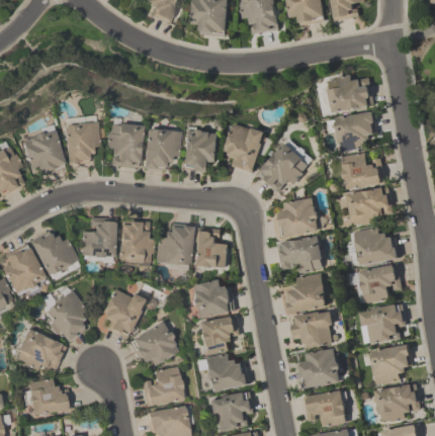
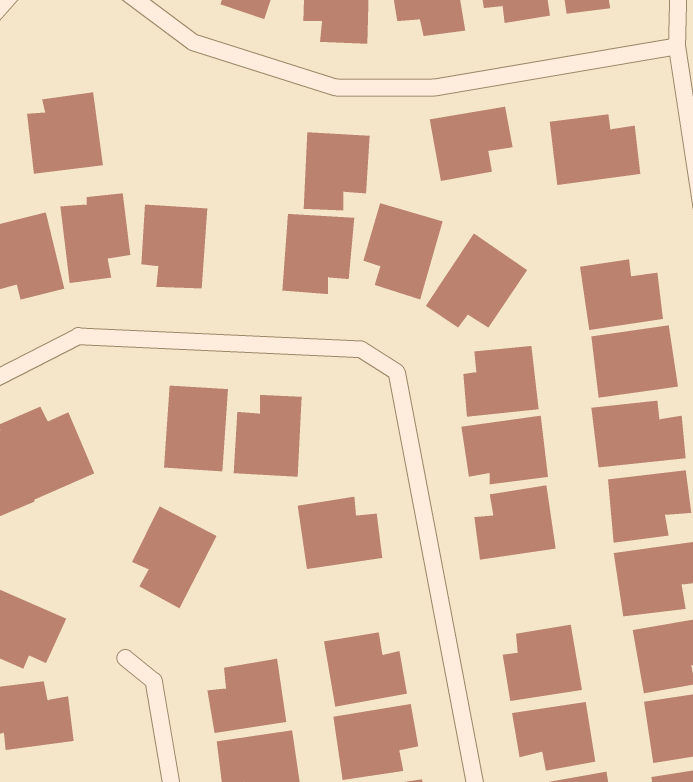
building: none -> [26,91,104,175]
building: [333,111,378,152] -> [429,106,514,181]
building: [143,127,179,170] -> [303,132,370,211]
building: [80,219,115,259] -> none
building: [193,229,230,268] -> none
building: [39,287,87,344] -> none
building: [289,310,337,349] -> none
building: [198,316,241,354] -> none
building: [127,322,179,365] -> none

